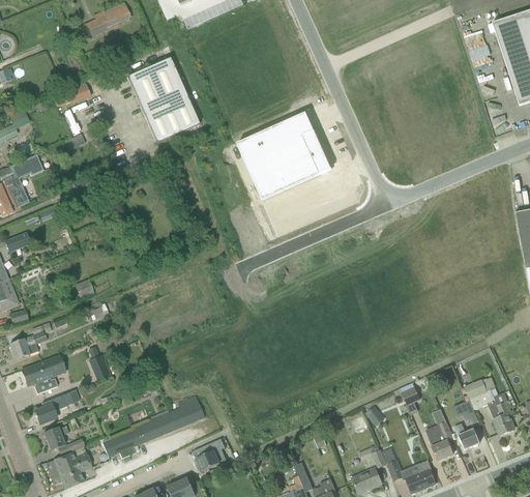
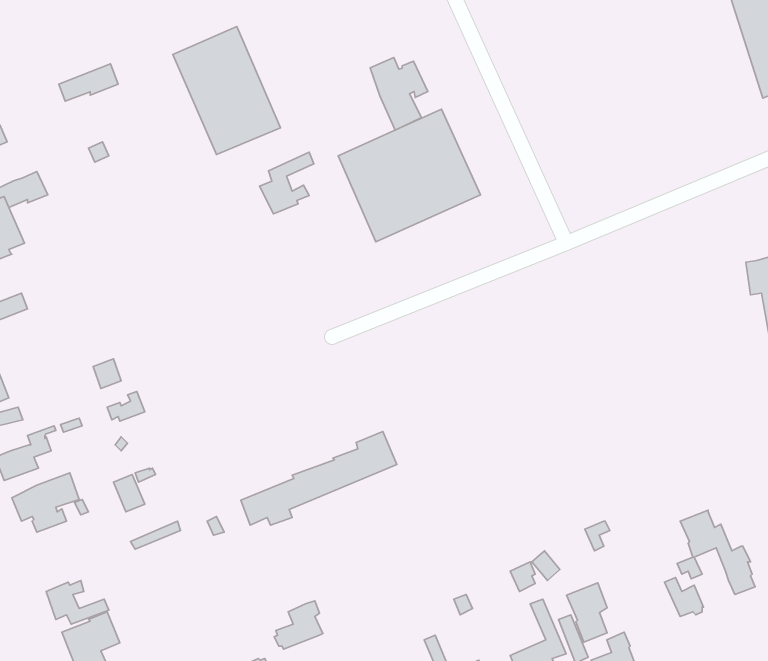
building: none -> [370,57,428,130]
building: none -> [260,152,314,214]
building: [34,389,79,422] -> none
building: [101,394,205,457] -> [241,432,397,525]
building: [425,420,452,460] -> [567,583,607,642]

